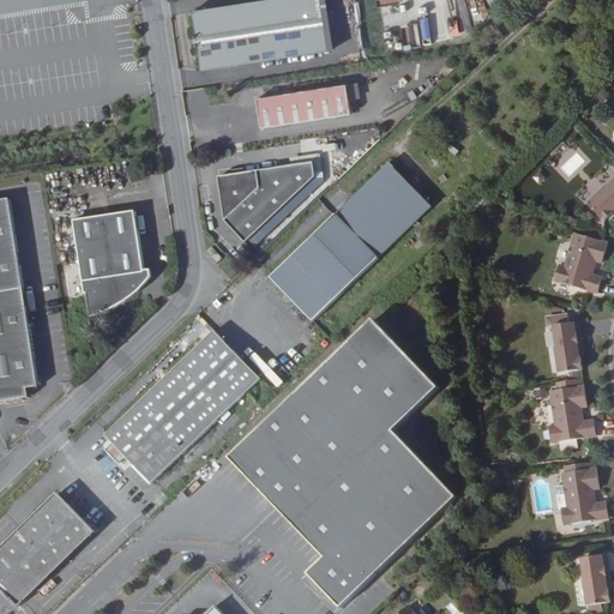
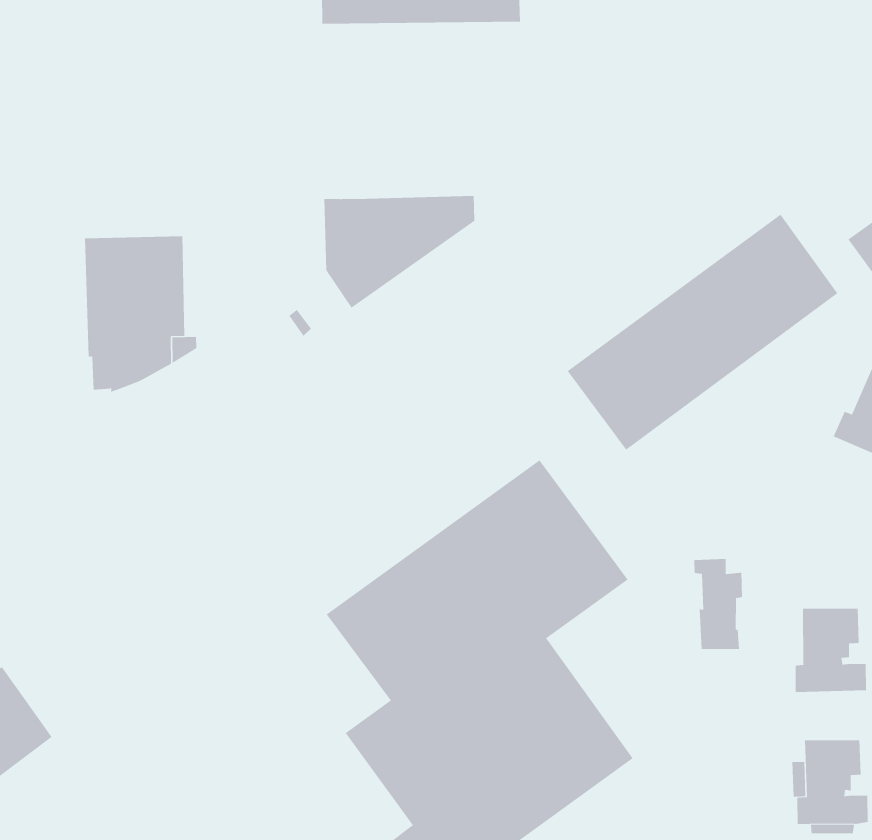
building: [257,83,350,126] -> none
building: [269,161,431,320] -> [567,214,838,450]
building: [546,313,582,372] -> [694,558,743,650]
building: [104,330,259,482] -> none
building: [228,433,300,505] -> none

